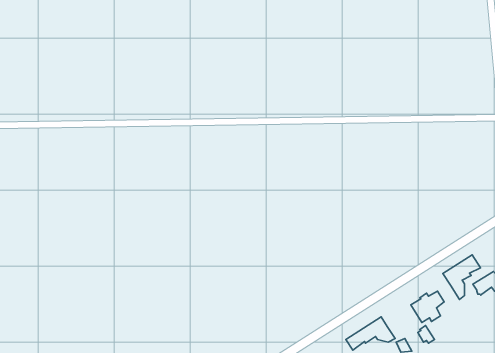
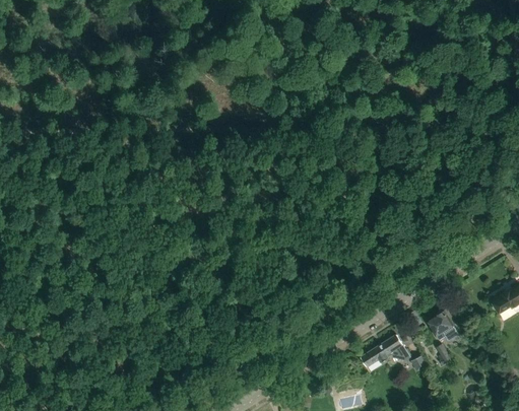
building: [443,255,480,300] -> none

